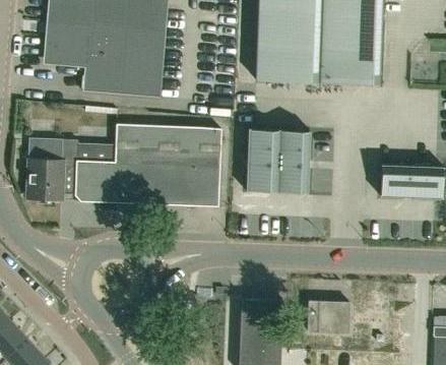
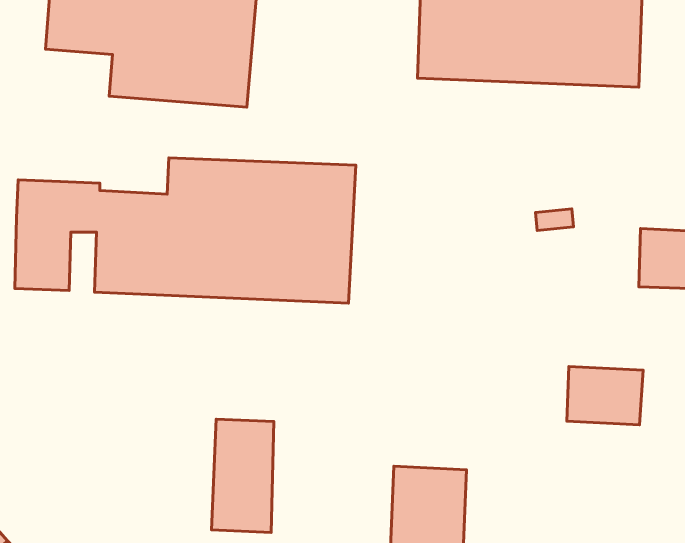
building: [246,128,311,193] -> none
building: none -> [212,419,274,532]
building: [308,300,351,332] -> [567,367,643,425]

